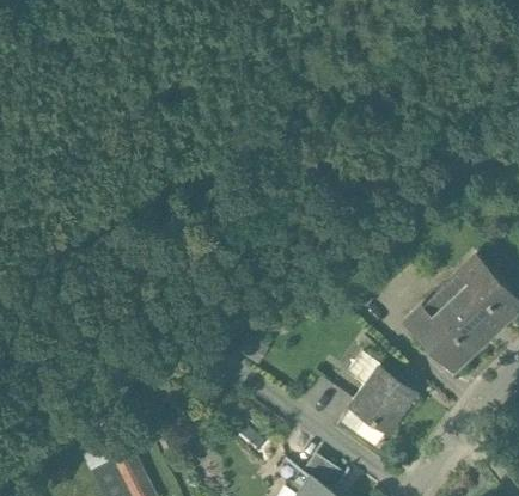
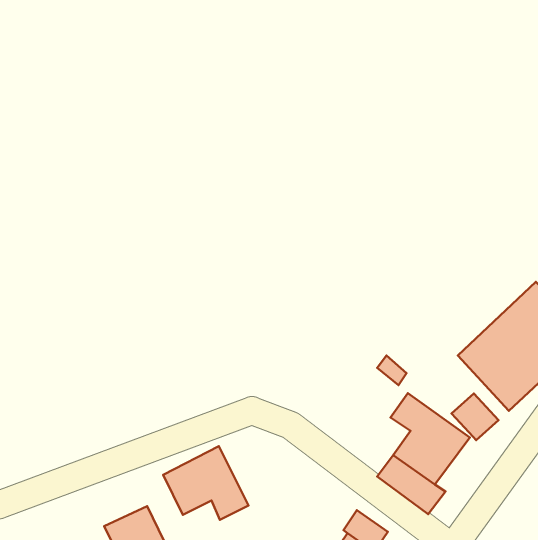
building: none -> [451,393,499,440]
building: none -> [163,446,248,520]

